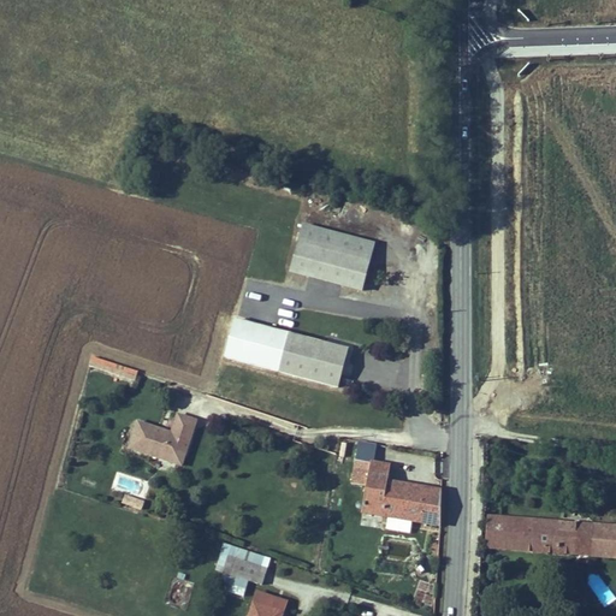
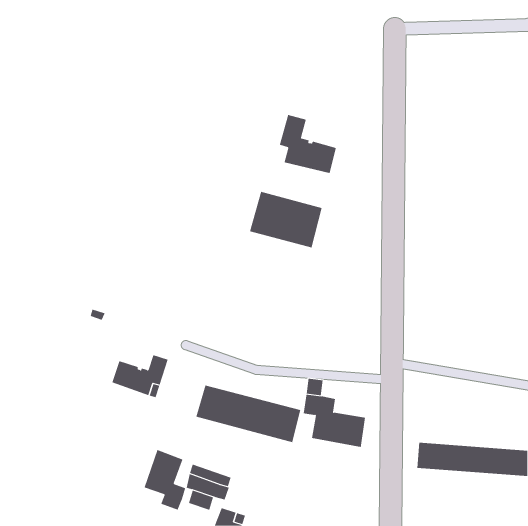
building: none -> [279,114,337,174]
building: [225,318,348,385] -> [196,385,301,443]
building: [421,486,442,523] -> none
building: none -> [144,449,186,511]

